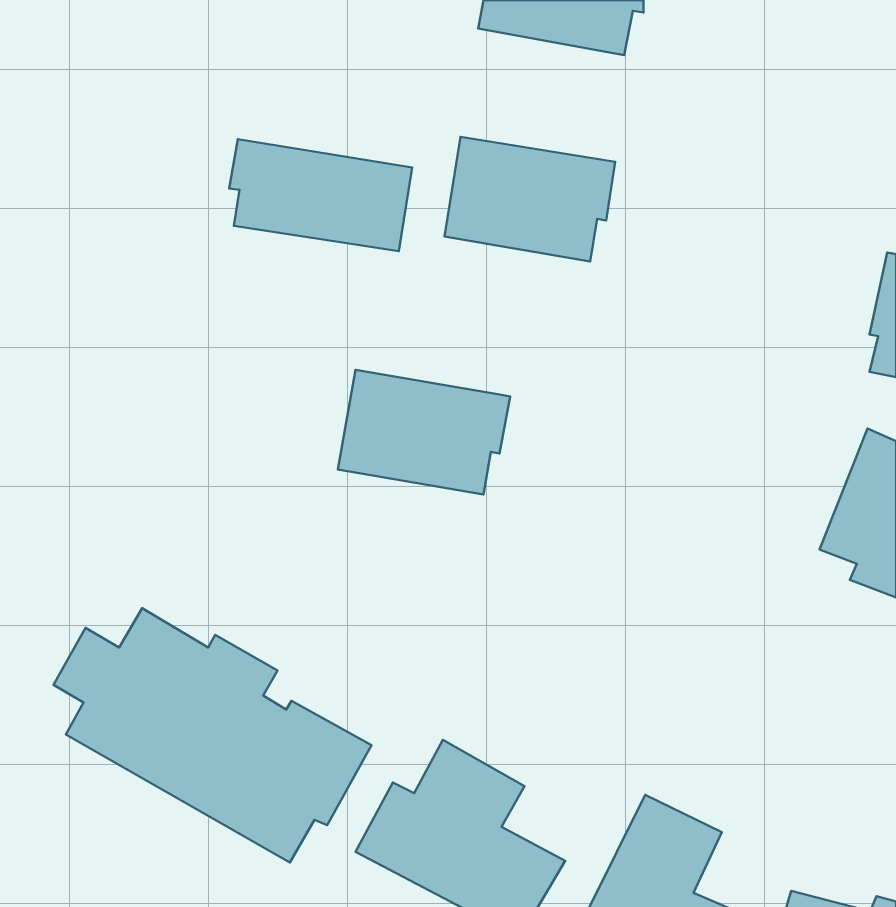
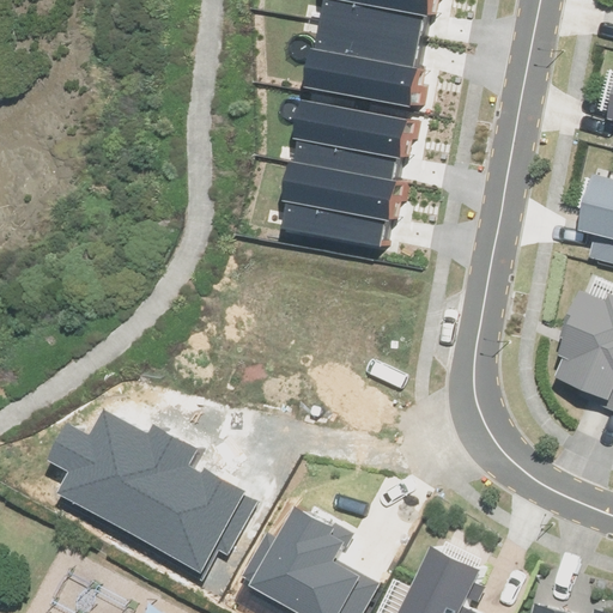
building: none -> [311,20,421,105]
building: [229,139,412,251] -> none
building: [338,370,510,494] -> [287,160,403,244]

